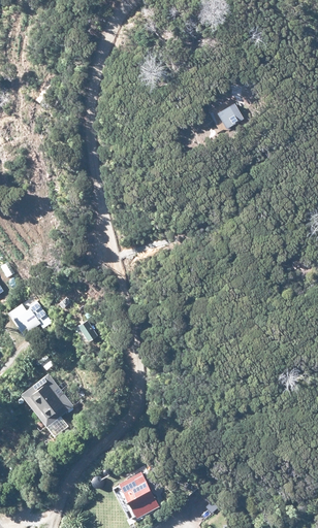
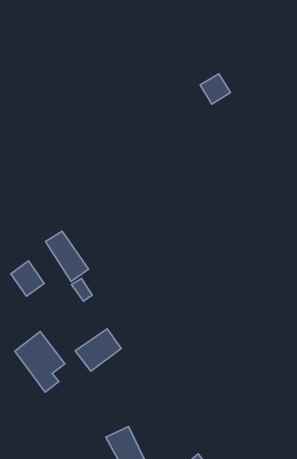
building: none -> [45,231,89,281]
building: none -> [75,329,121,371]

